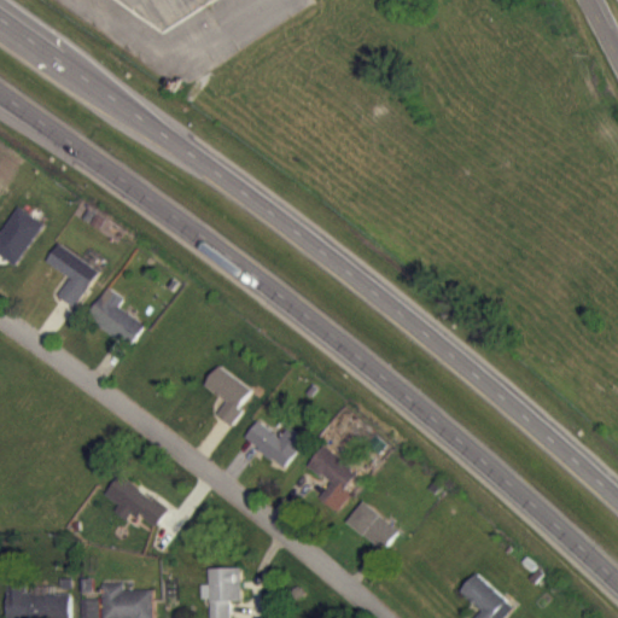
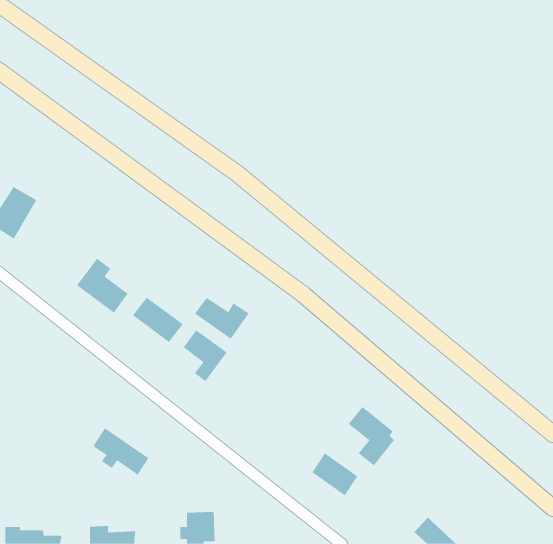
building: [45,244,98,308] -> none
building: none -> [132,297,184,343]
building: [241,421,303,468] -> [194,297,250,340]
building: [305,445,357,512] -> [348,406,395,466]

